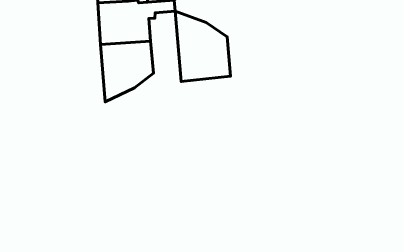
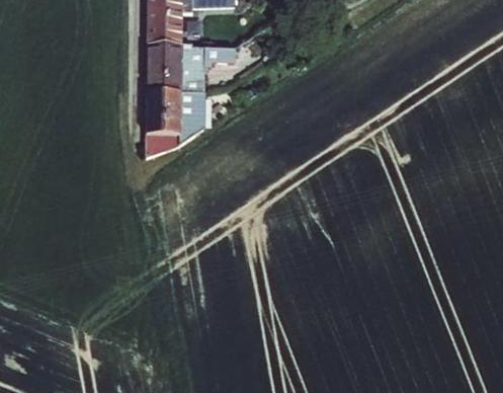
building: [175,11,231,81] -> none

